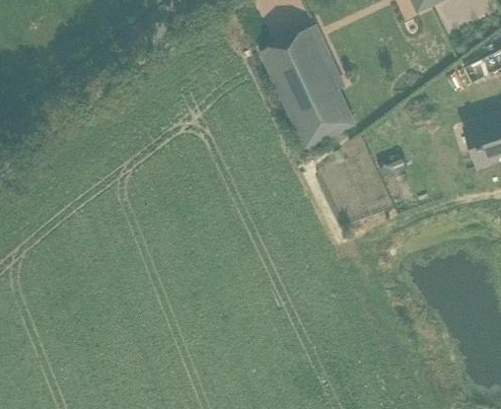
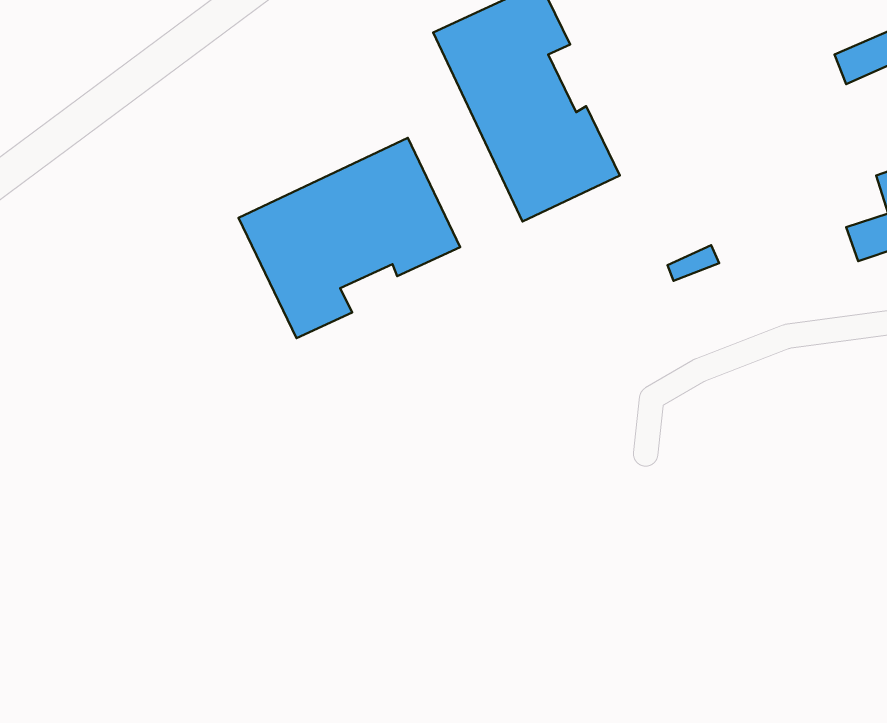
building: none -> [239,138,460,338]

